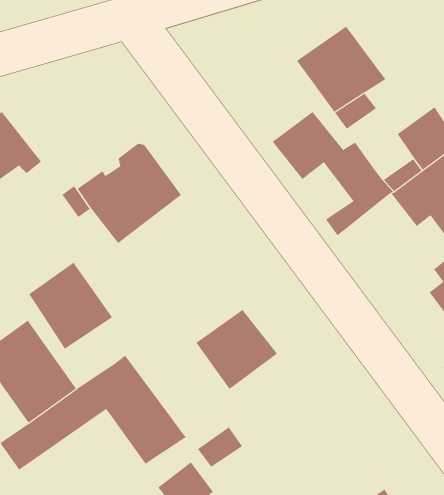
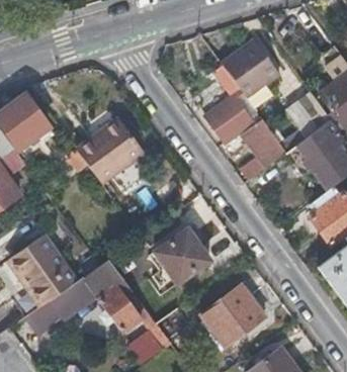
building: [29,262,113,349] -> none
building: none -> [200,283,264,346]

